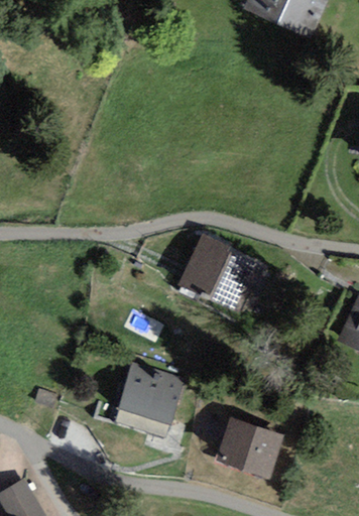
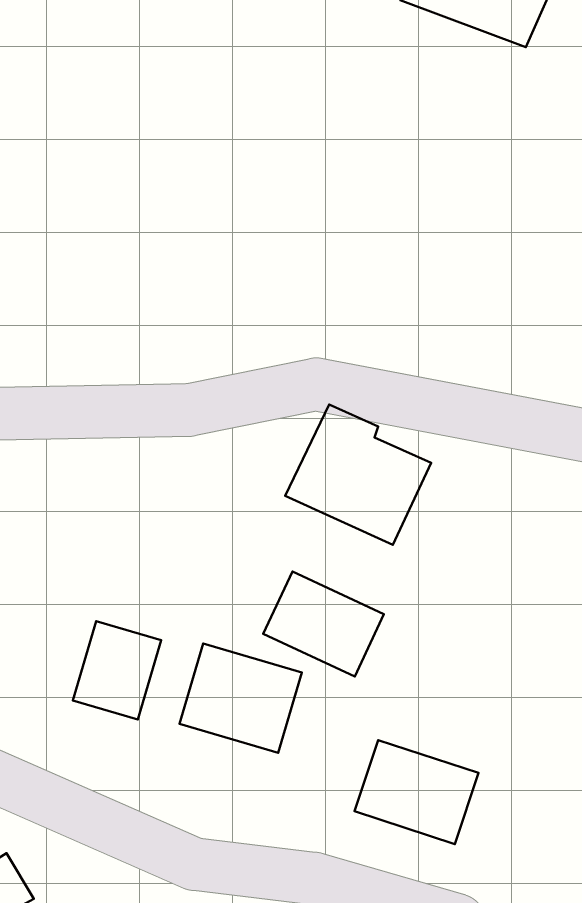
building: none -> [263,571,384,677]
building: none -> [73,621,161,719]

